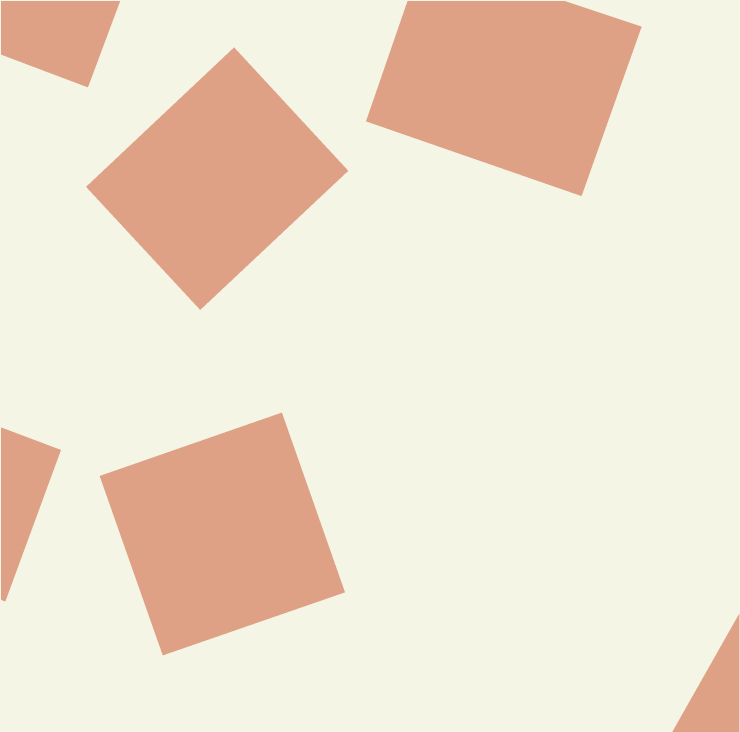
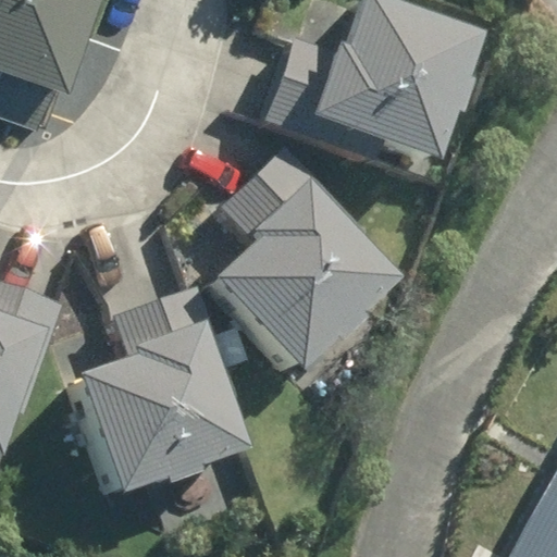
building: [85,47,349,311] -> none
building: none -> [197,169,401,371]

